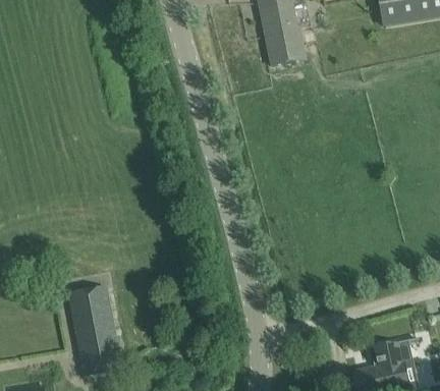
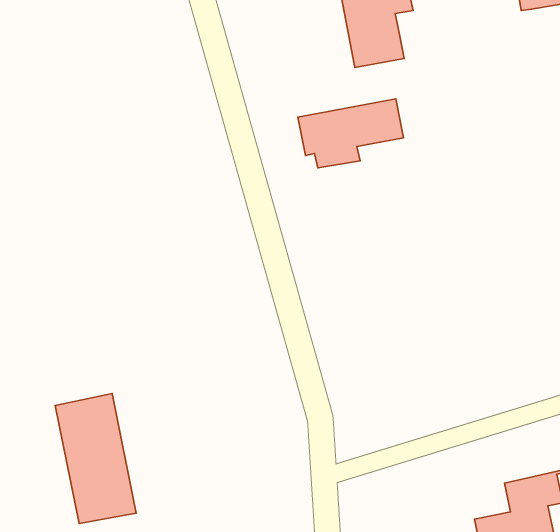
building: none -> [298,99,404,168]

